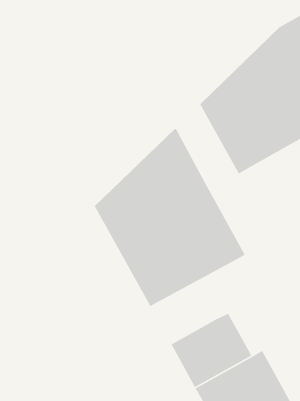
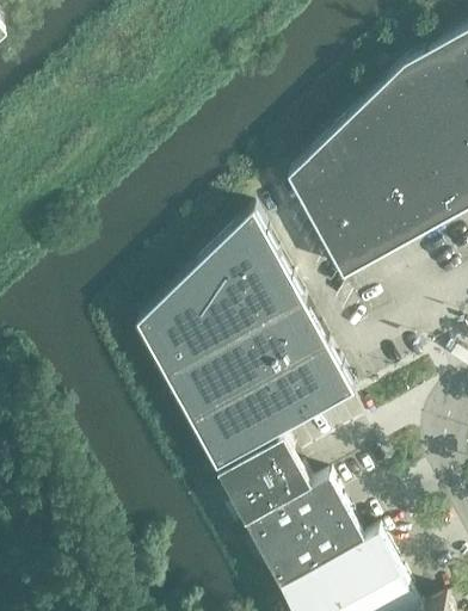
building: none -> [220,437,313,524]

